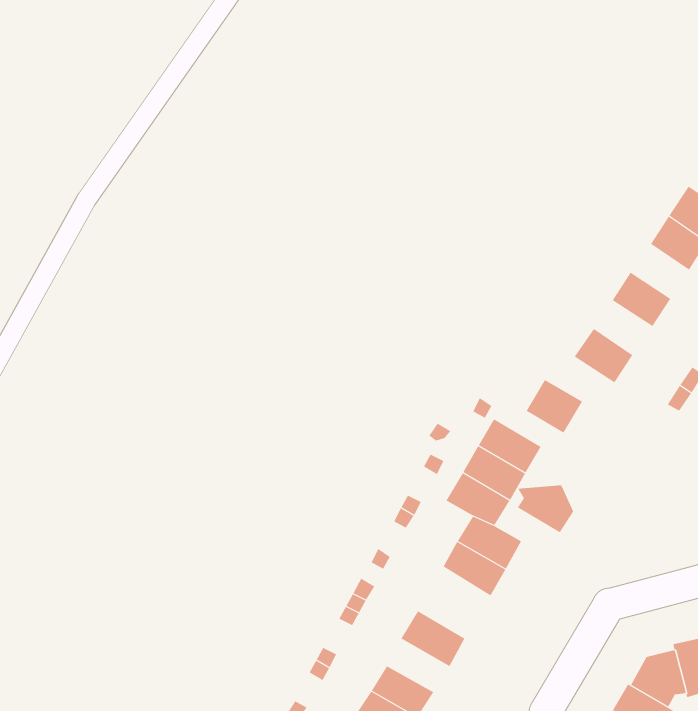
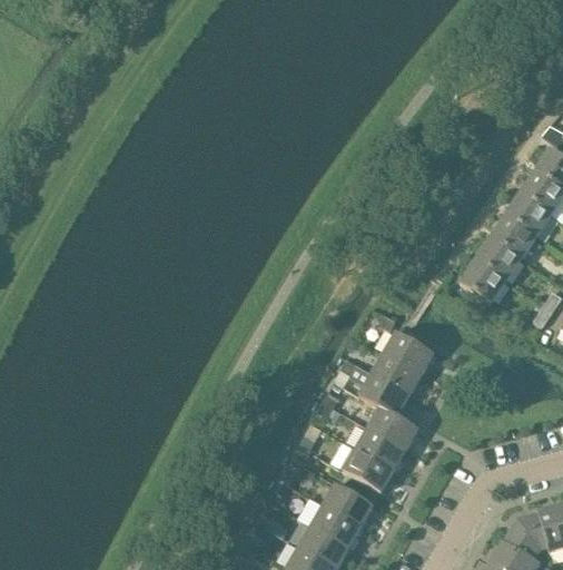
building: none -> [503,193,550,236]
building: none -> [474,237,521,281]
building: [526,379,583,434] -> none
building: [517,485,574,533] -> none
building: none -> [342,448,393,492]
building: none -> [310,504,360,547]

